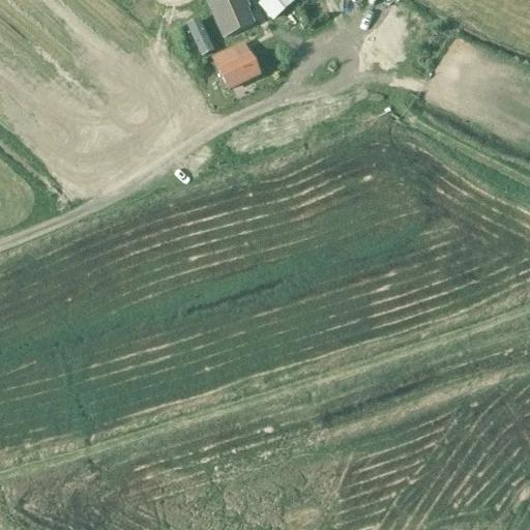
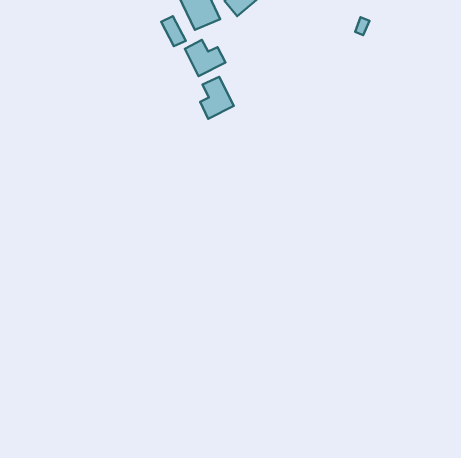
building: none -> [200,77,234,119]

